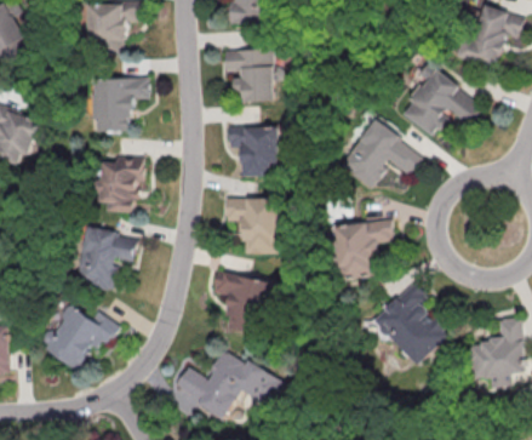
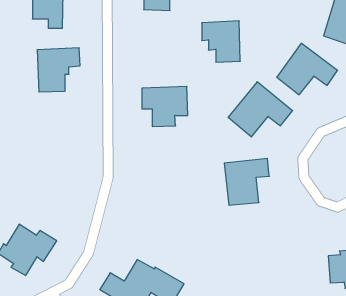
building: [224,48,274,102] -> [202,21,240,62]
building: [97,156,142,212] -> none
building: [224,198,279,255] -> none
building: [71,225,137,288] -> none
building: [210,269,270,335] -> none
building: [371,281,451,367] -> none

